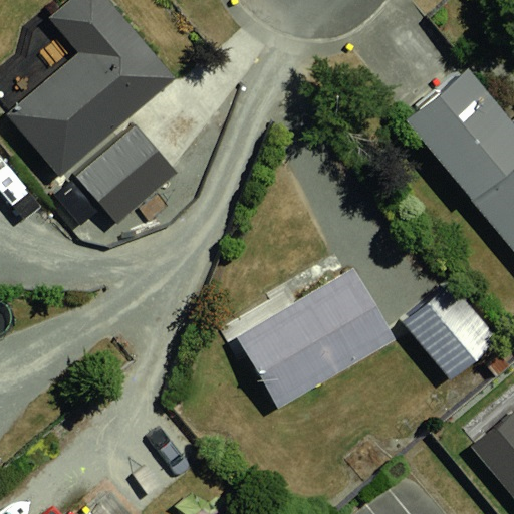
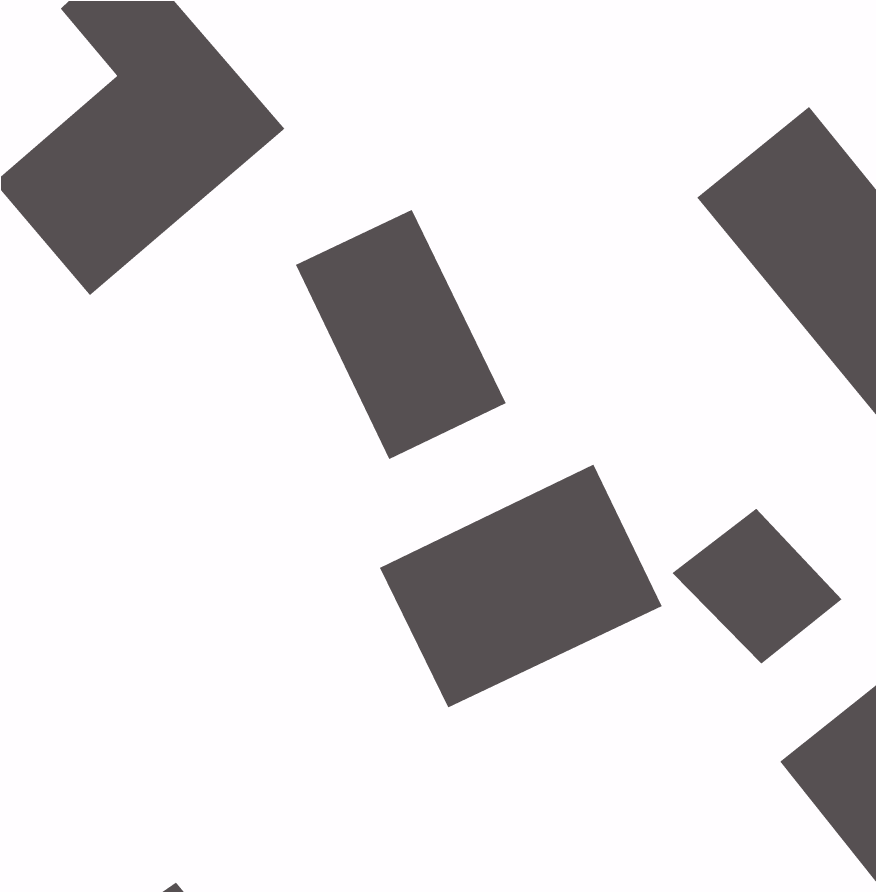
building: none -> [295,209,507,460]
building: [70,134,165,226] -> none

